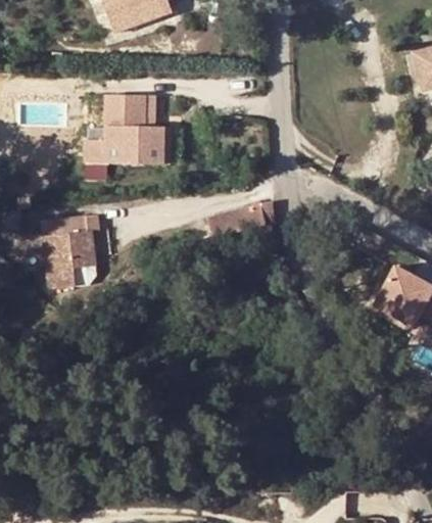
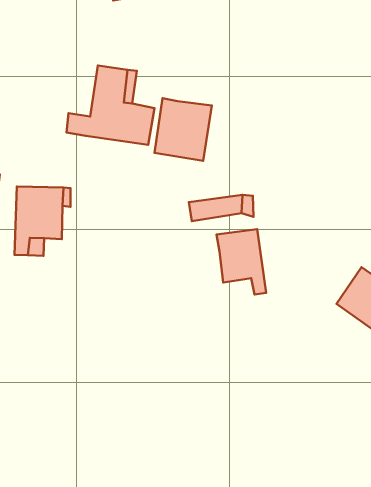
building: none -> [154,98,212,161]
building: none -> [217,229,266,294]

